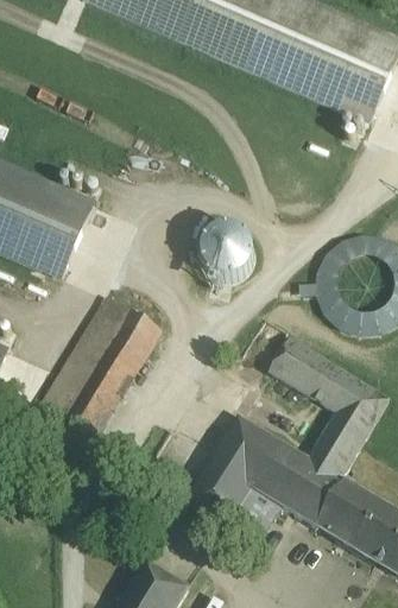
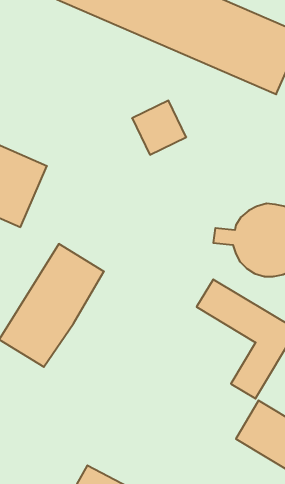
building: [191,220,257,285] -> [132,101,186,155]
building: [192,420,348,531] -> none

